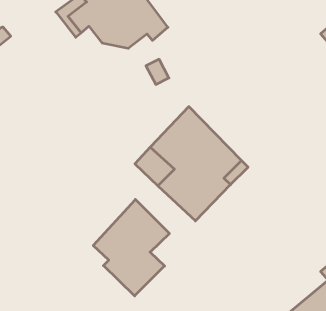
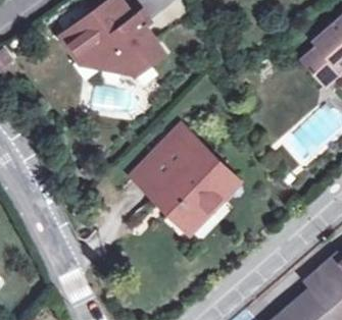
building: [93,199,169,296] -> none

